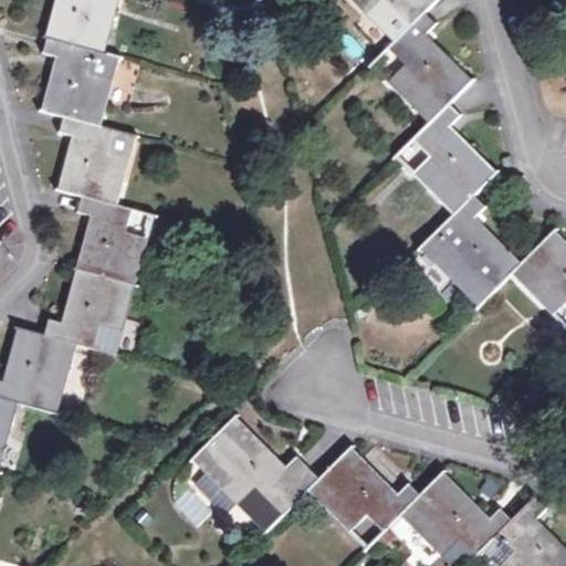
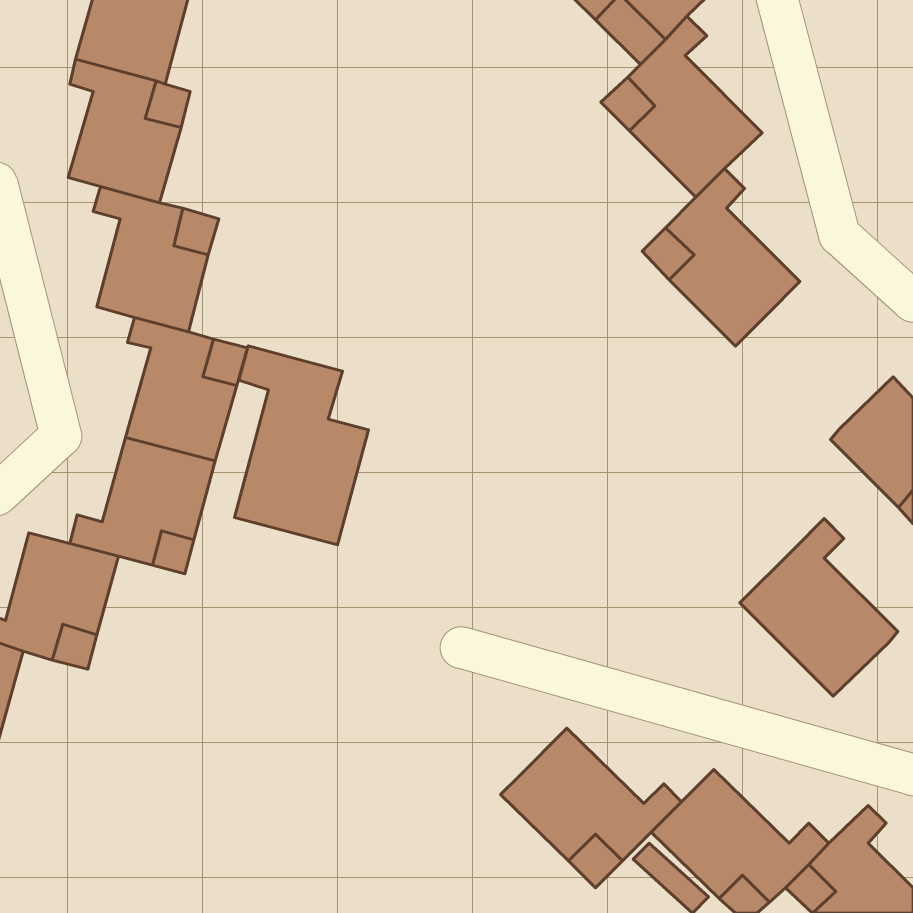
building: [420,195,517,304] -> [740,519,898,696]
building: none -> [235,346,368,545]
building: [192,417,319,532] -> none

